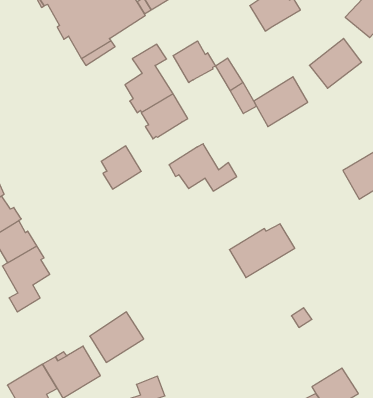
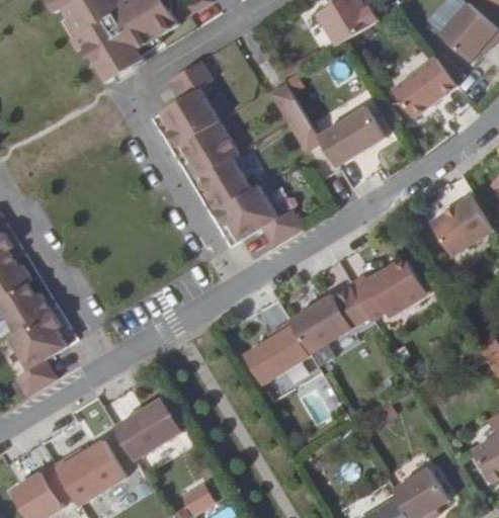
building: [173,41,216,83] -> none
building: [101,146,141,189] -> [200,160,250,213]
building: none -> [349,259,427,320]
building: none -> [245,319,310,382]

